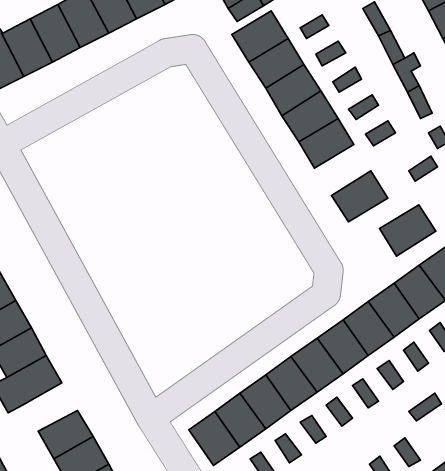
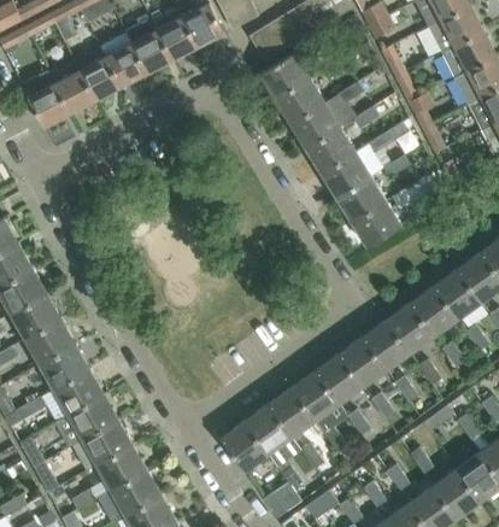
building: [380,205,436,256] -> [336,176,388,223]
building: none -> [67,396,118,440]

